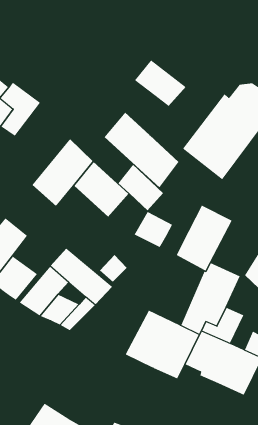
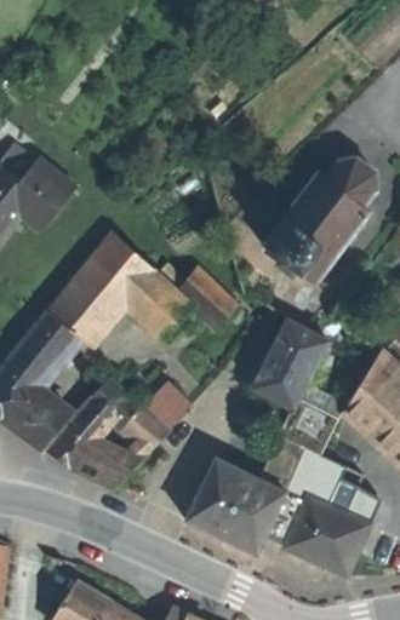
building: [134,60,186,107] -> none
building: [104,112,179,188] -> none
building: none -> [28,293,96,364]
building: [134,211,173,248] -> none

